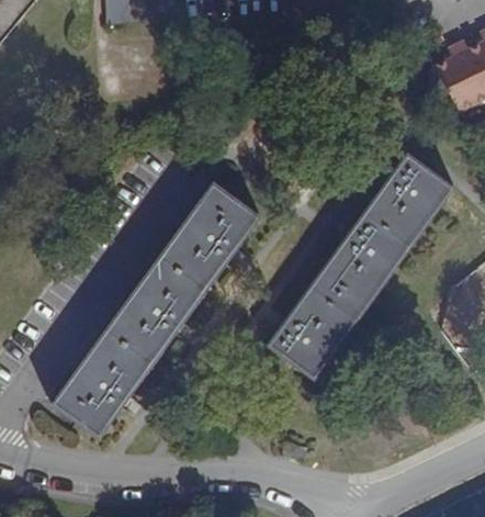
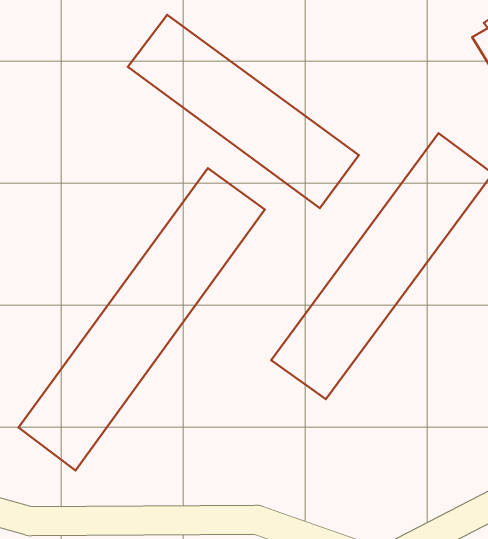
building: none -> [128,15,359,208]

